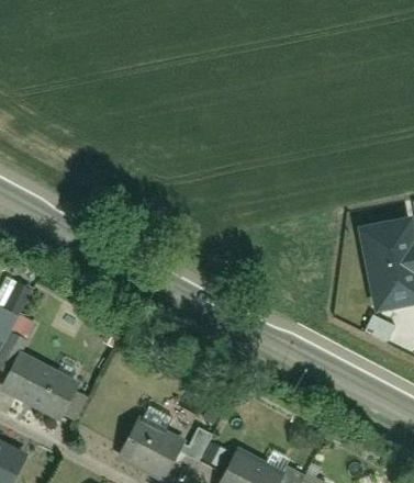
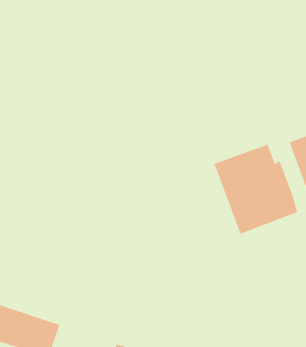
building: none -> [214,144,298,234]

